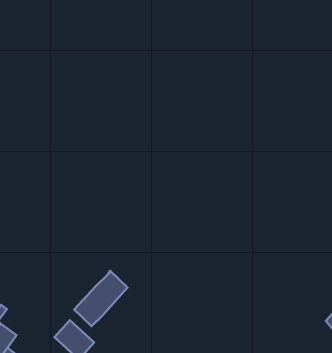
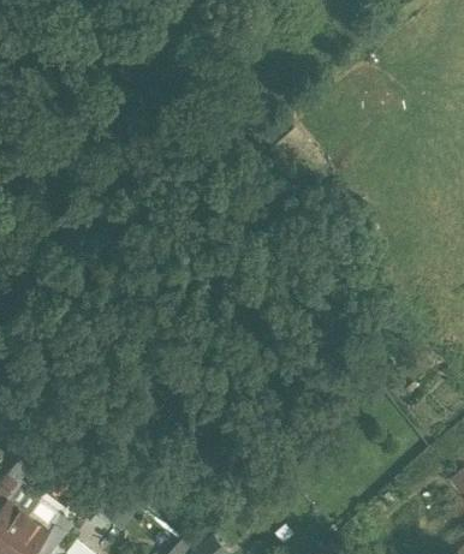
building: [74,271,128,326] -> none

